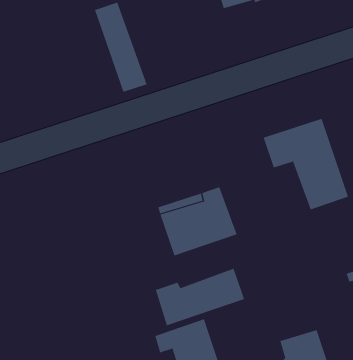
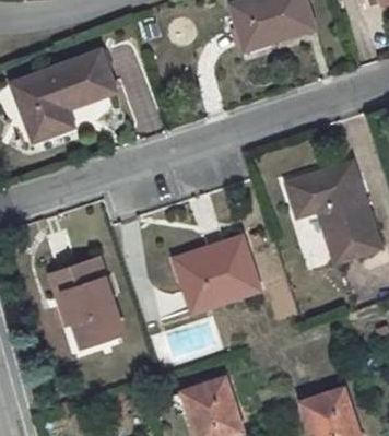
building: none -> [13,49,116,141]
building: none -> [50,261,123,345]
building: [155,268,245,326] -> none

